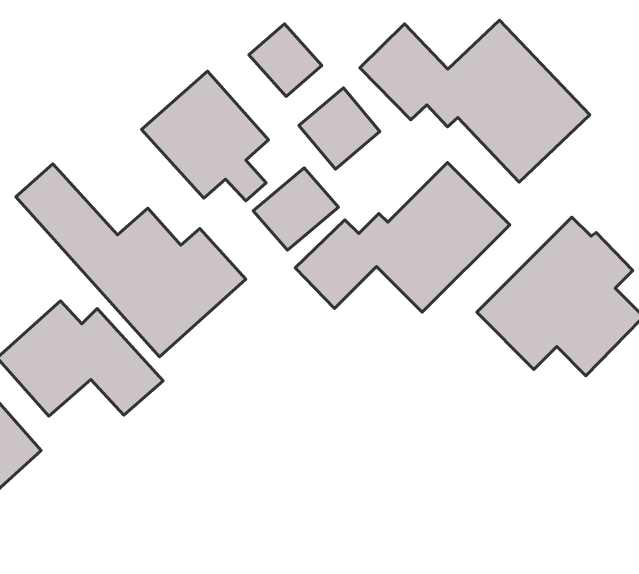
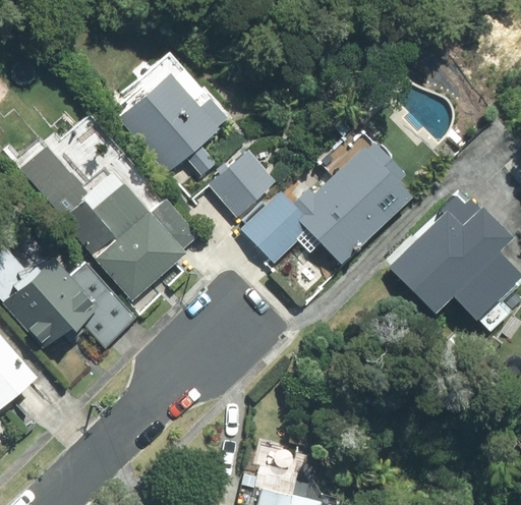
building: [360,20,590,182] -> none
building: [249,24,322,97] -> none
building: [299,88,380,169] -> none

